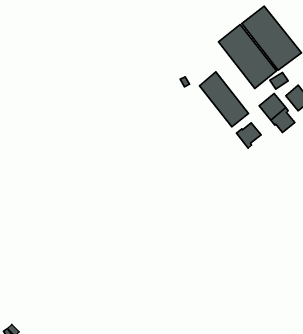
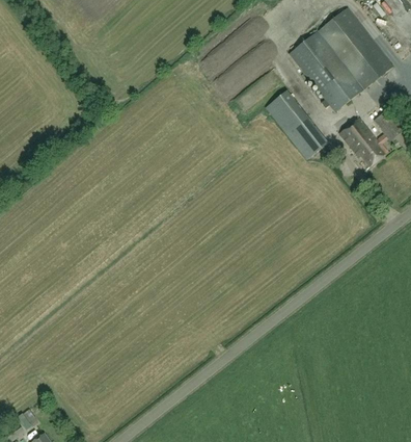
building: [236,123,261,148] -> none

